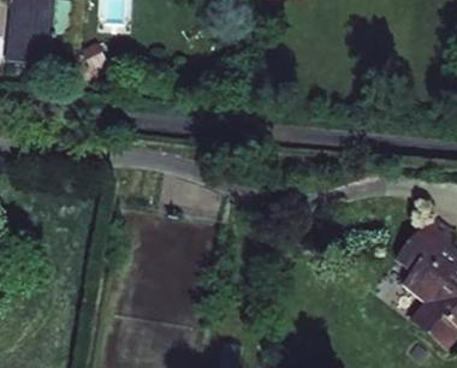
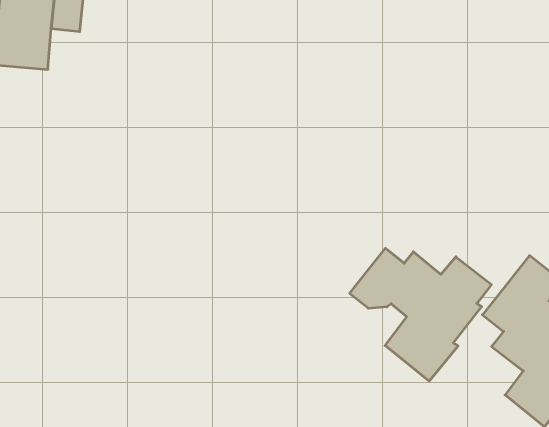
building: none -> [350,248,491,381]

